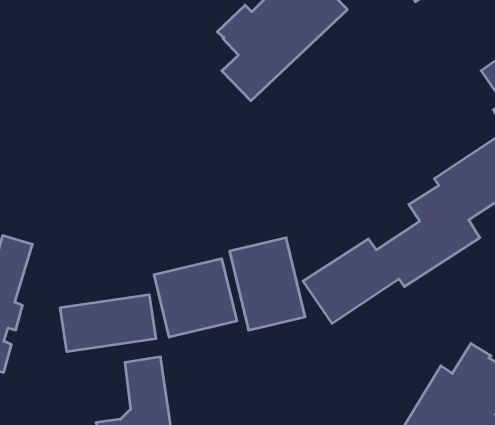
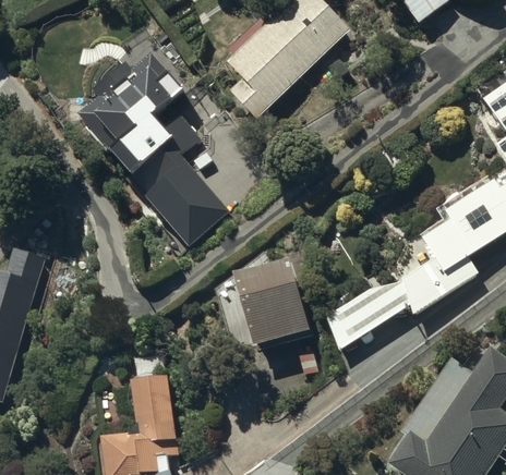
building: none -> [80,57,227,249]
building: [154,259,237,337] -> none
building: [60,295,156,352] -> none

